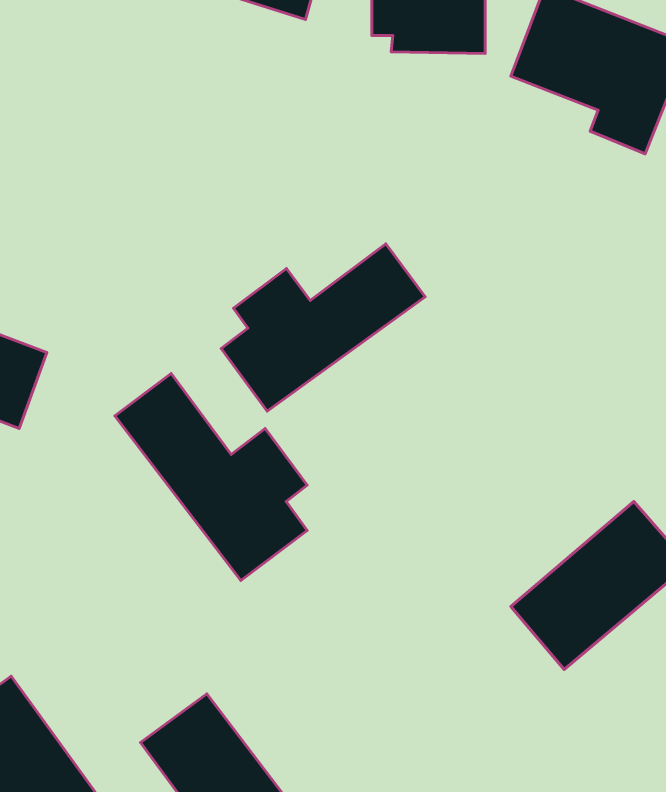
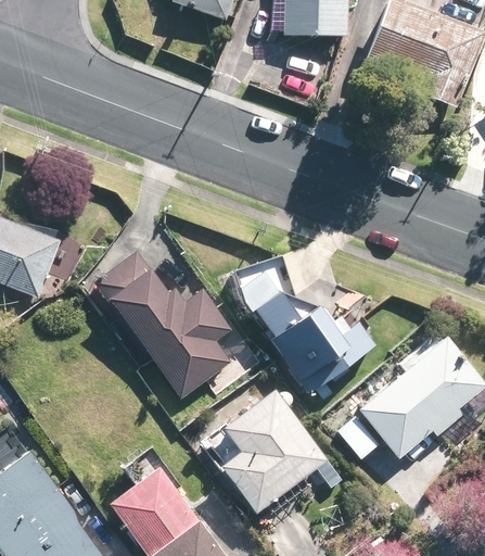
building: [221,244,425,411] -> none
building: none -> [242,274,373,389]
building: none -> [225,392,322,507]

